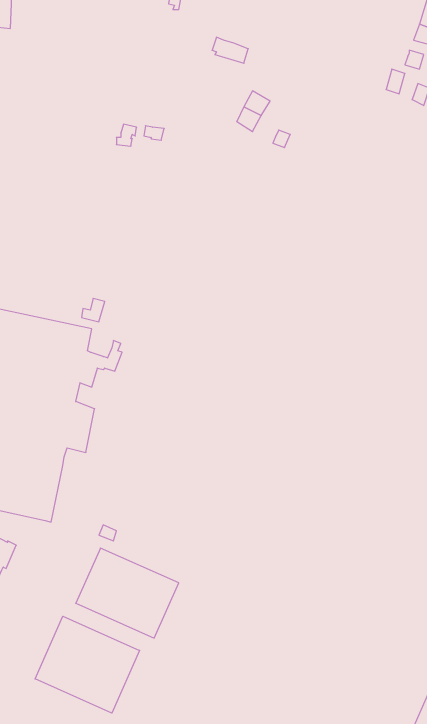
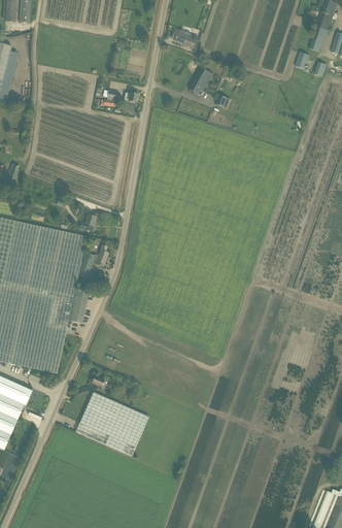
building: [35,616,140,713] -> none

